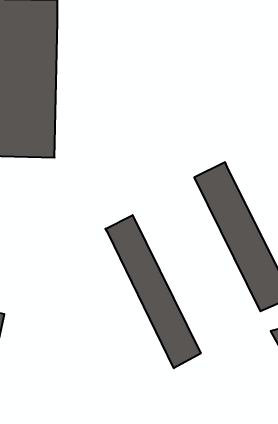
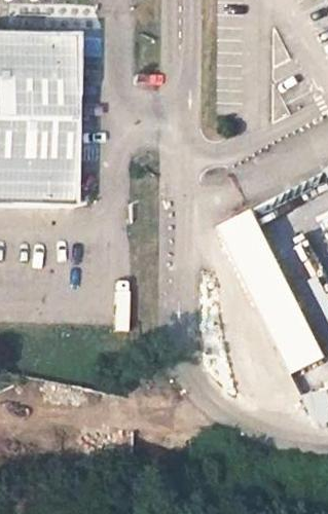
building: [105,215,201,368] -> none

